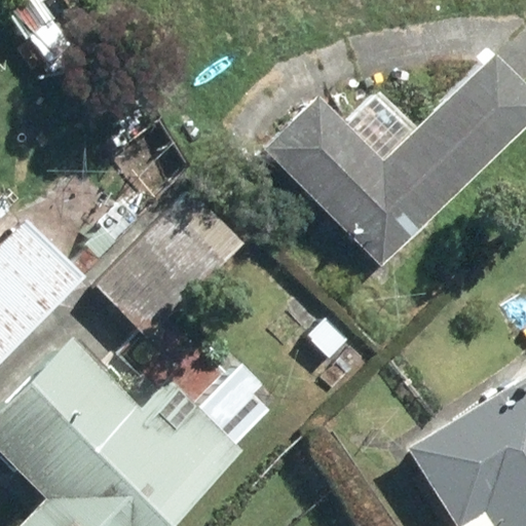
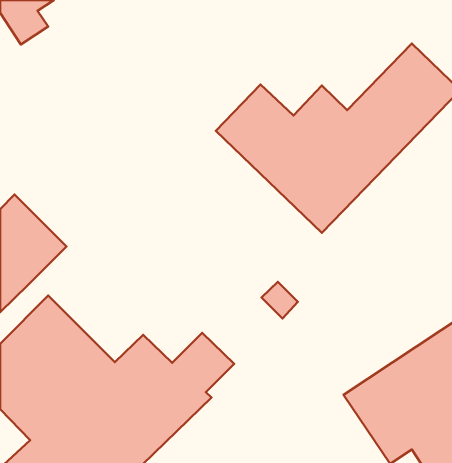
building: [98,192,247,341] -> none

